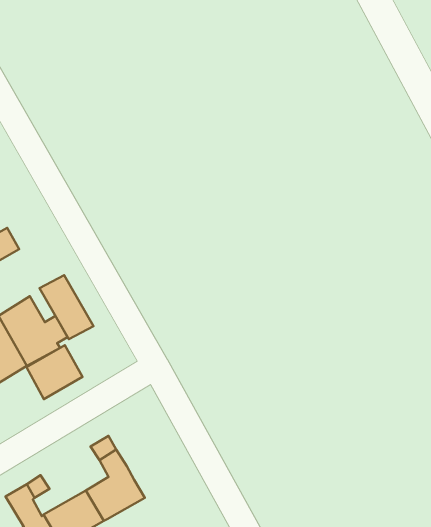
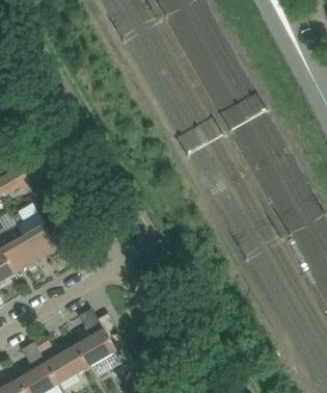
building: [40,275,94,339] -> none
building: [26,345,82,399] -> none

